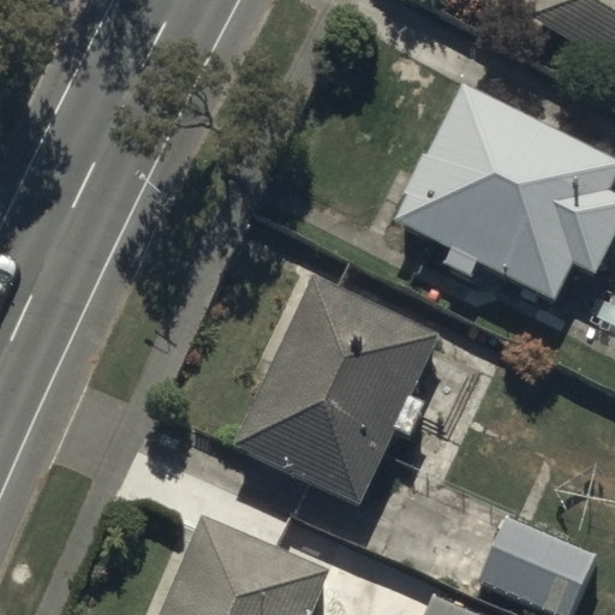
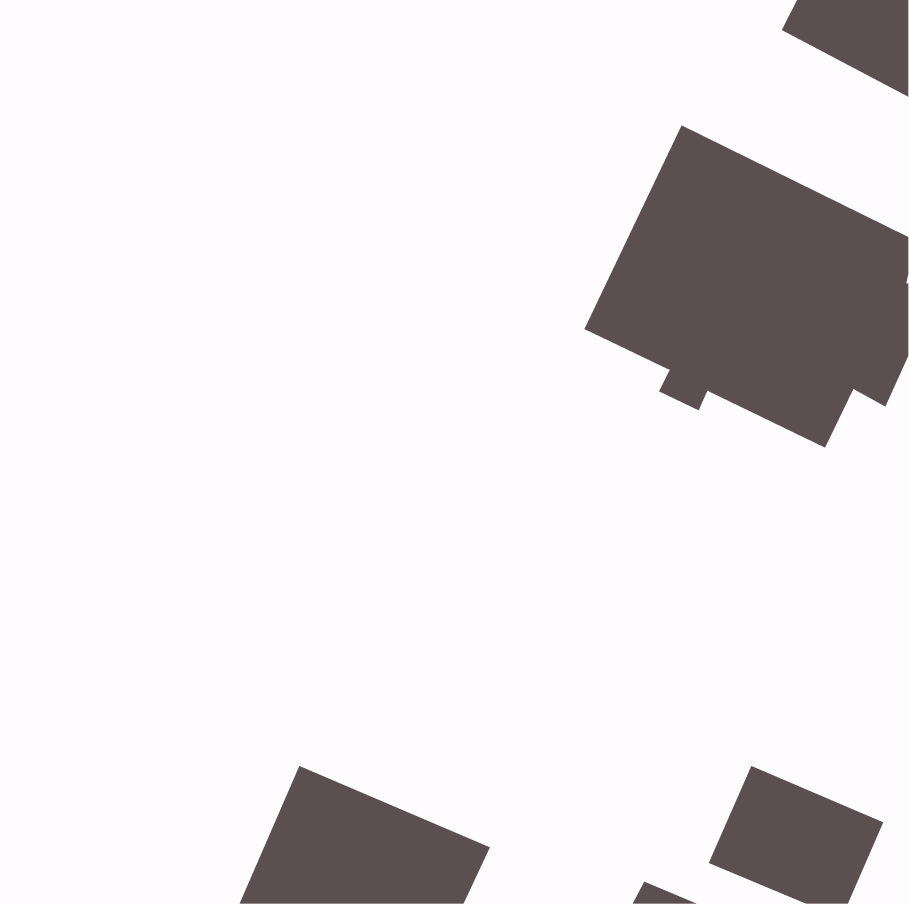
building: [232,274,440,506] -> none

